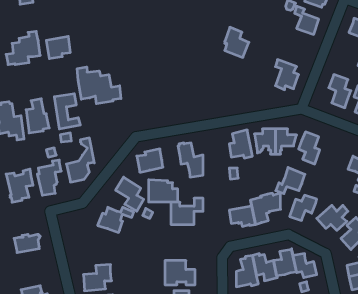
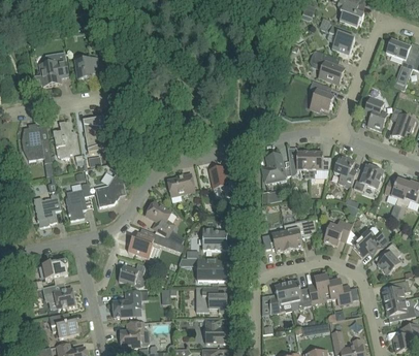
building: [225,27,249,57] -> [319,52,344,83]
building: [77,67,121,104] -> none
building: [276,167,305,194] -> [353,163,383,190]
building: [149,180,178,202] -> [197,257,227,280]
building: none -> [118,262,146,286]
building: none -> [42,284,75,308]

